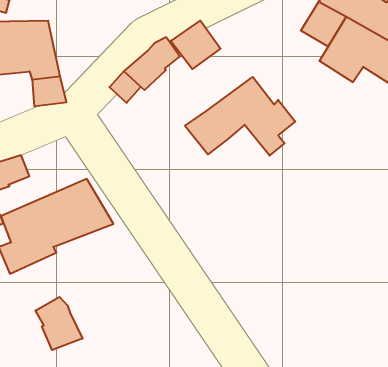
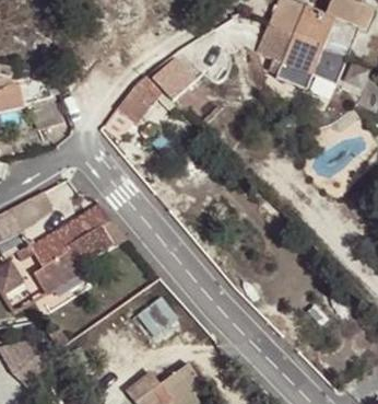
building: [185,77,295,156] -> none
building: [35,297,83,350] -> none

